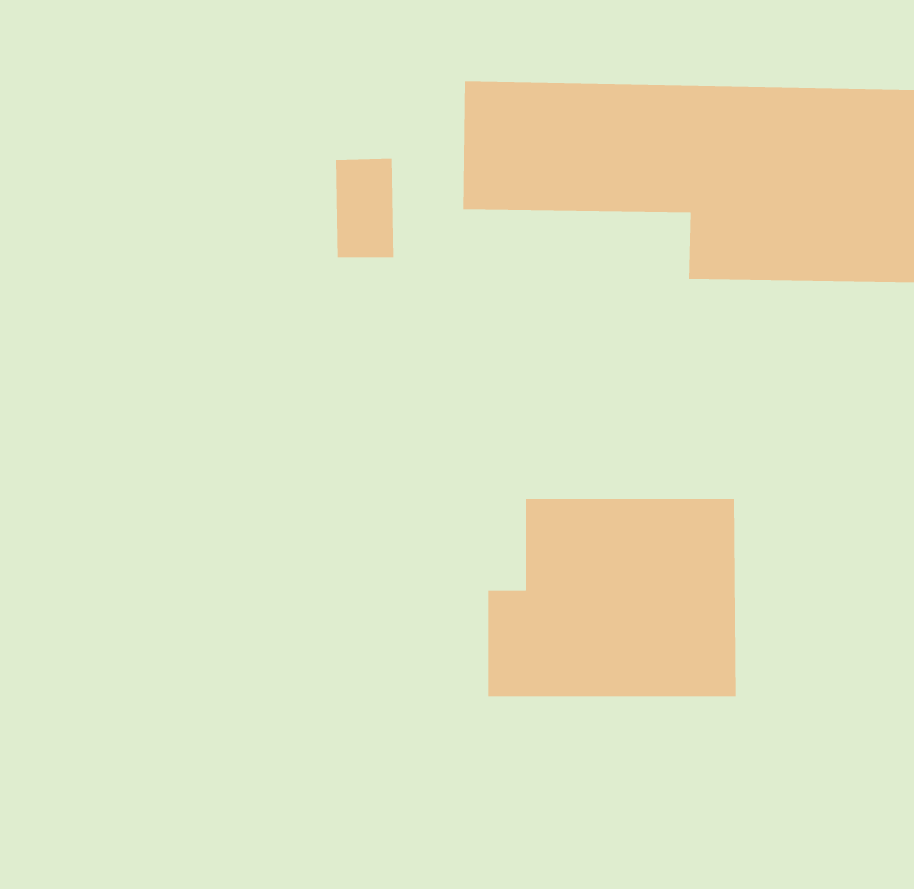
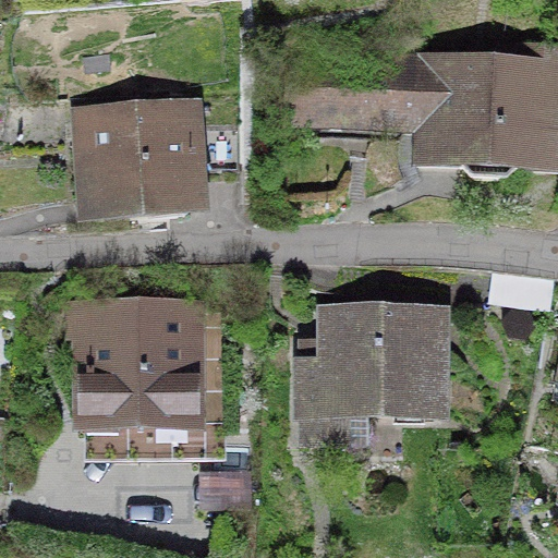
building: none -> [75,100,201,208]
building: none -> [83,295,191,414]

